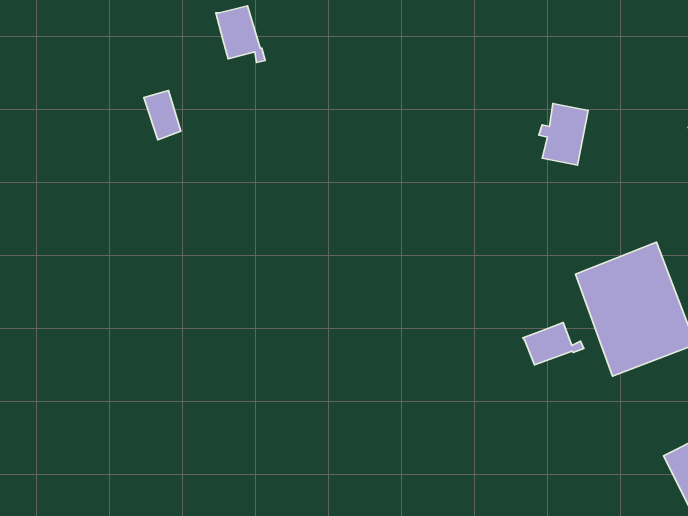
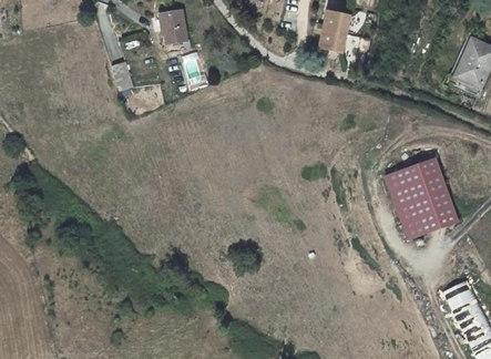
building: [539,104,588,165] -> [316,14,347,53]
building: [523,323,584,365] -> none

